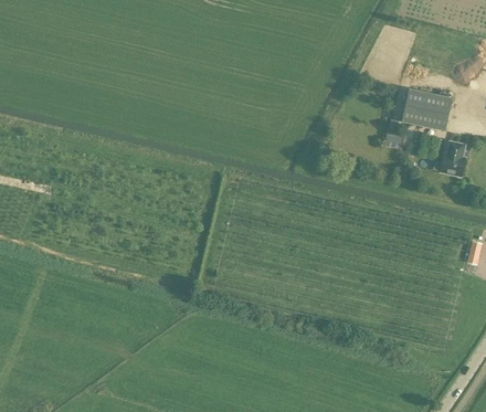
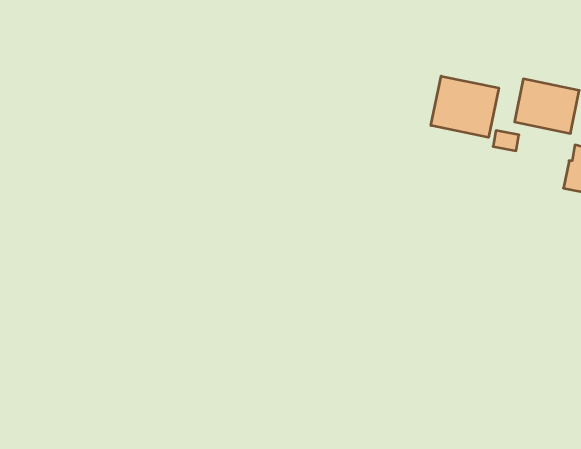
building: none -> [431,76,499,137]

